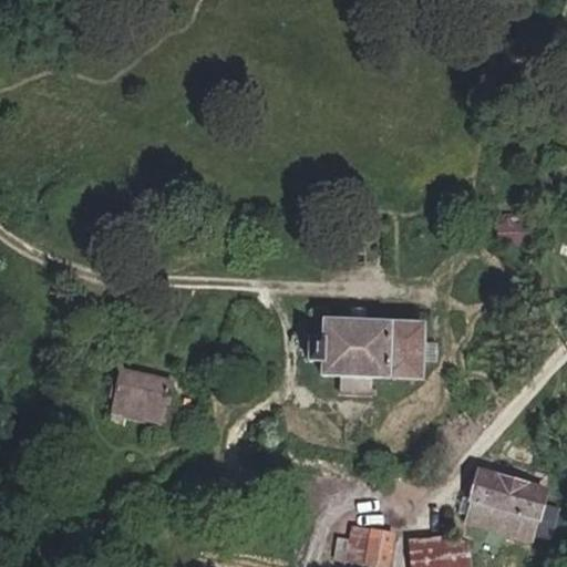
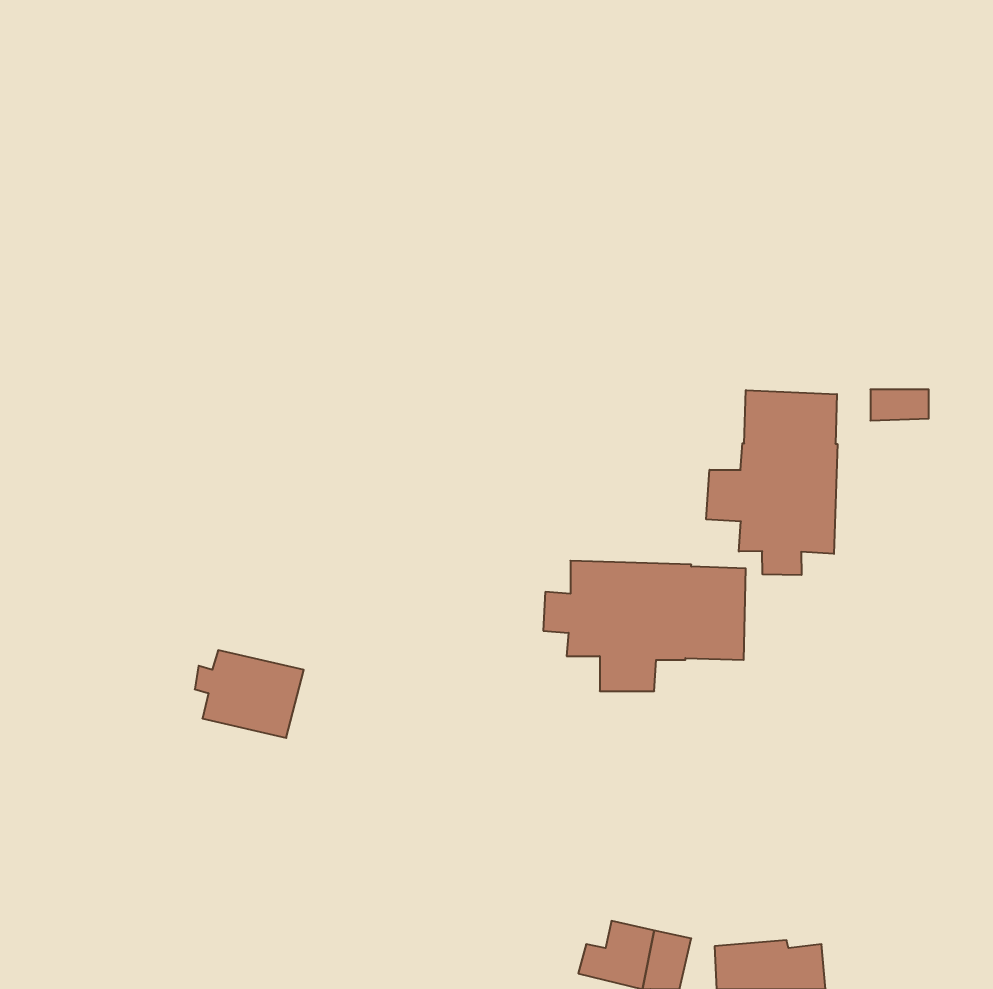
building: none -> [706,390,837,575]
building: [462,471,547,540] -> none

